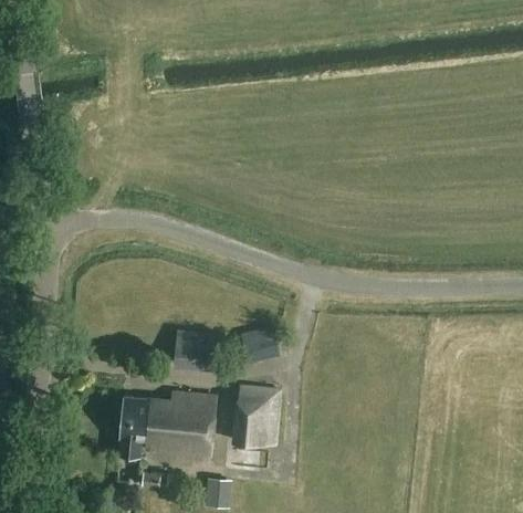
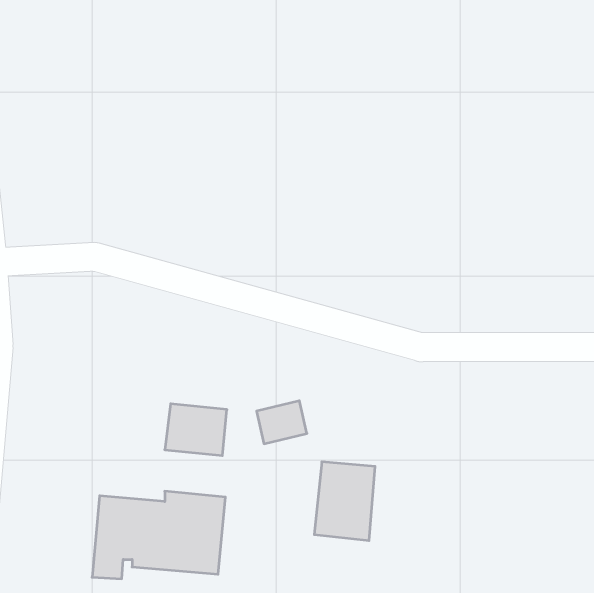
building: [234,388,280,447] -> [314,462,375,541]

